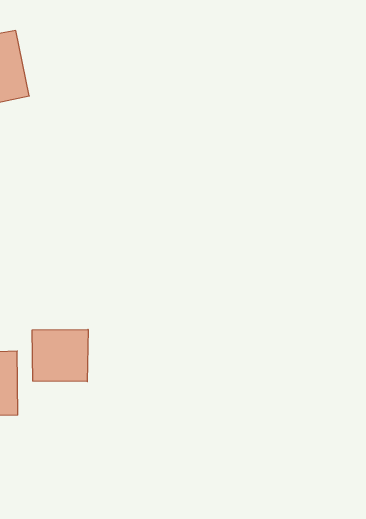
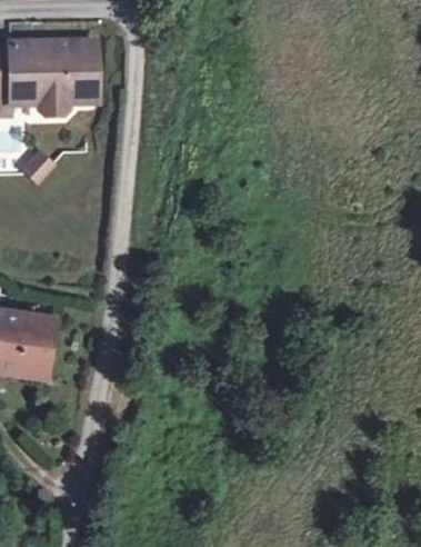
building: [32,329,88,382] -> none

